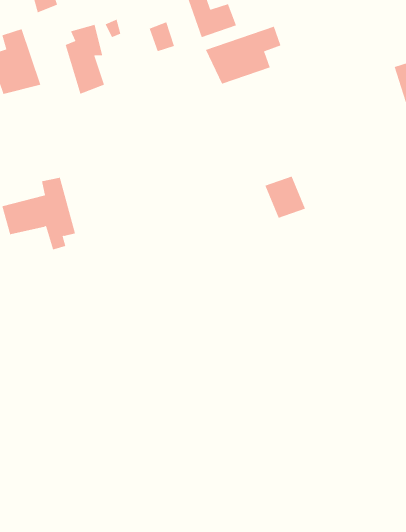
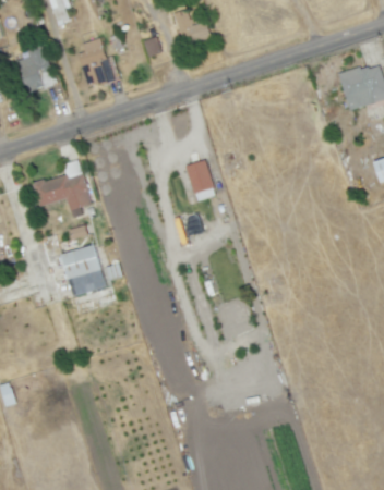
building: [205,26,281,85] -> none
building: [265,176,306,219] -> [183,159,216,193]
building: none -> [56,245,99,295]

